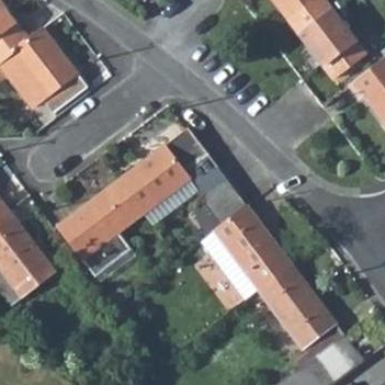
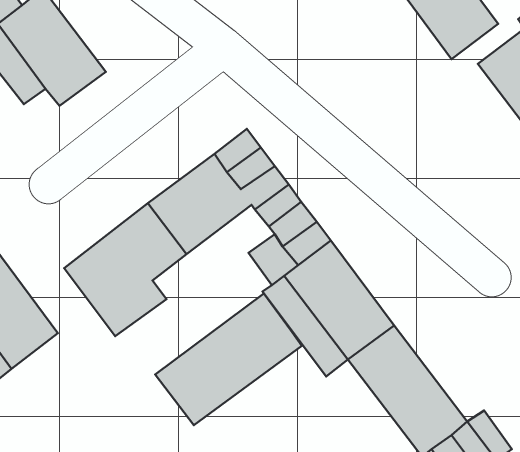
building: none -> [155,293,302,425]

